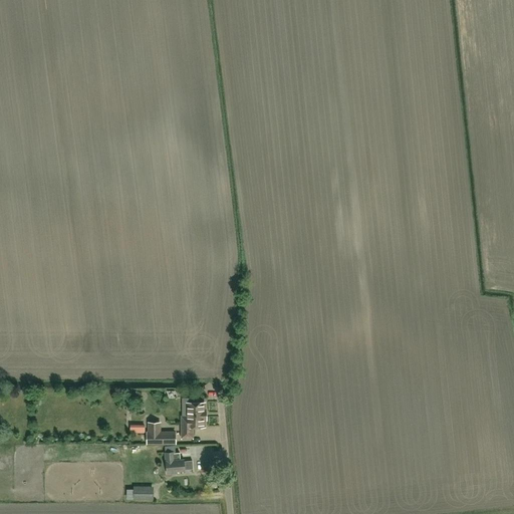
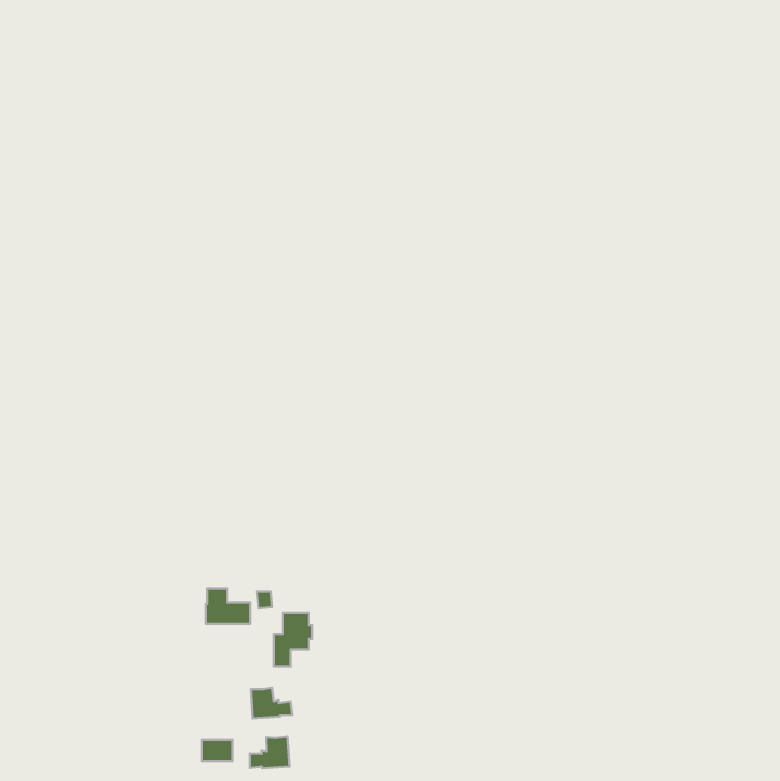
building: [146,422,175,445] -> [206,589,250,624]
building: none -> [250,736,289,768]

